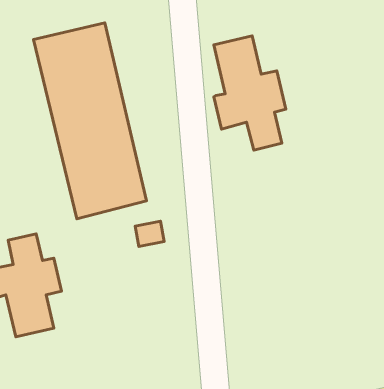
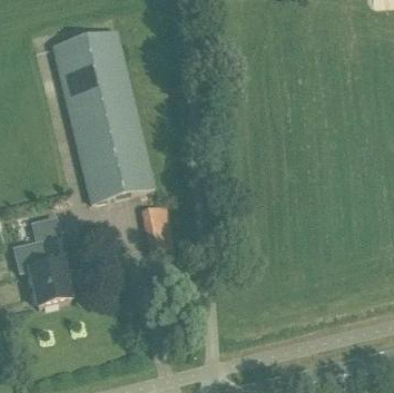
building: [214,36,286,150] -> none

